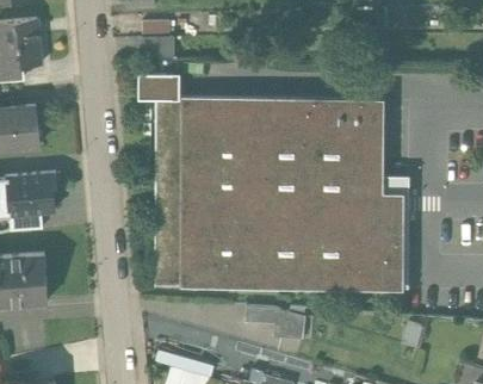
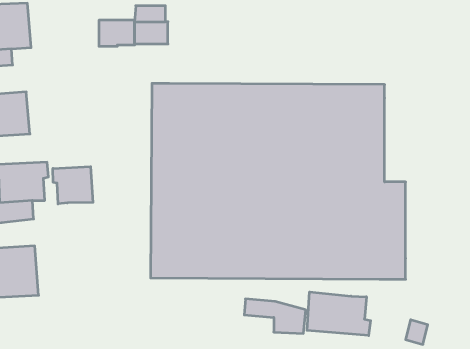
building: [138,74,173,99] -> [99,20,135,46]
building: none -> [53,167,93,204]
building: none -> [307,292,371,336]

